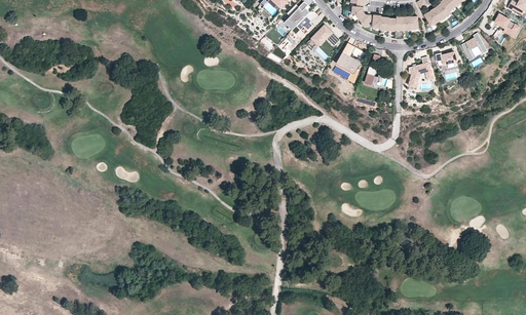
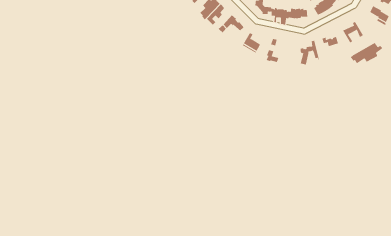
building: none -> [350,42,383,64]

